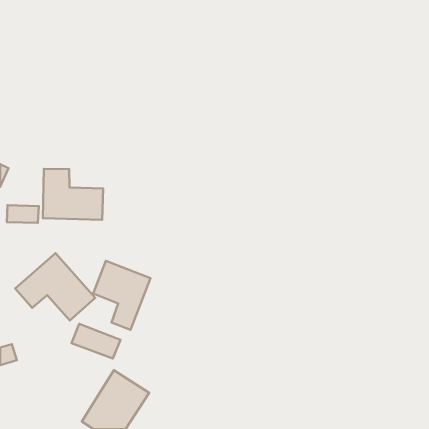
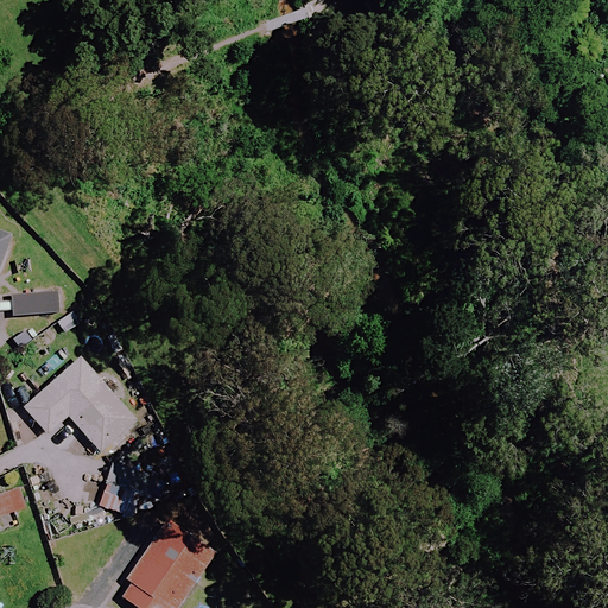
building: [43,169,103,220] -> none
building: [93,261,150,330] -> none

